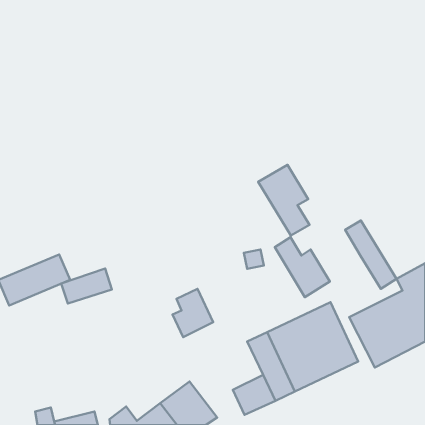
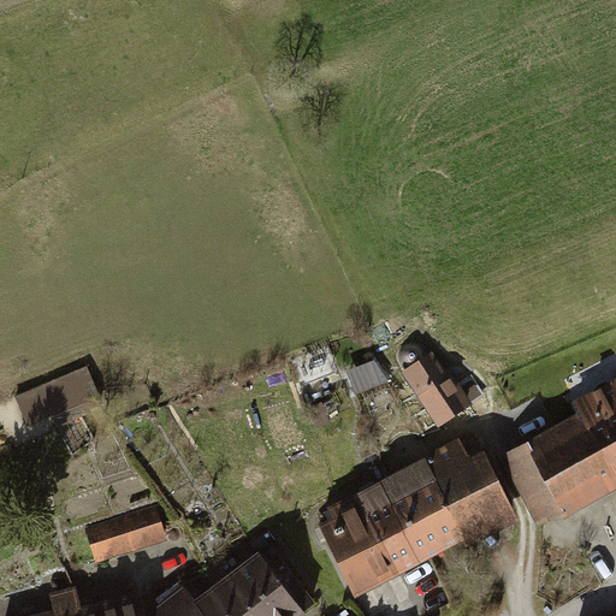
building: [258,165,309,236] -> none
building: [345,221,397,289] -> none
building: [61,269,112,304] -> [88,507,161,557]
building: [172,289,213,337] -> [320,492,379,562]

